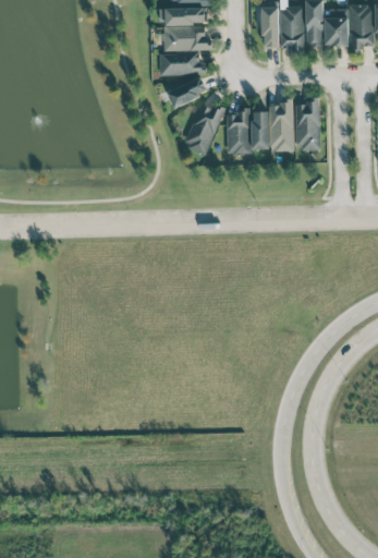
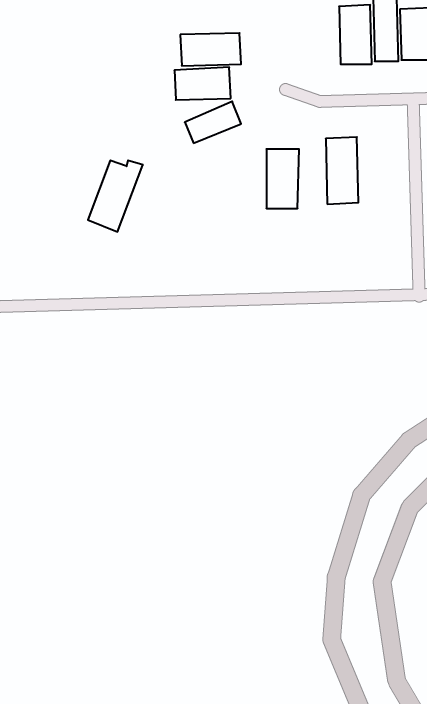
building: [161,7,206,24] -> none
building: [261,7,279,47] -> none
building: [296,101,320,150] -> none
building: [184,104,224,156] -> [88,160,143,232]
building: [252,111,269,149] -> none

